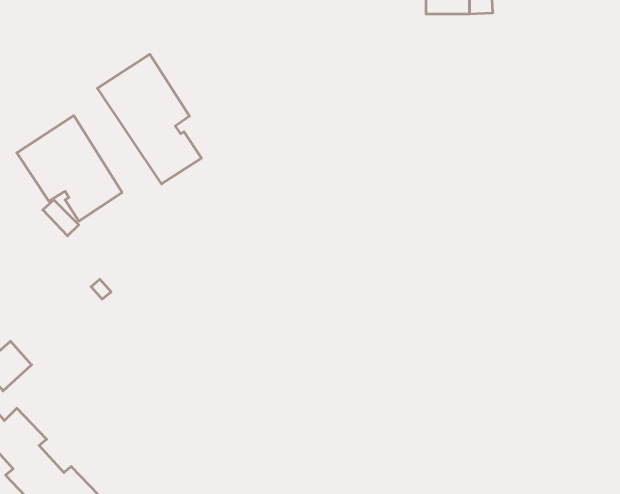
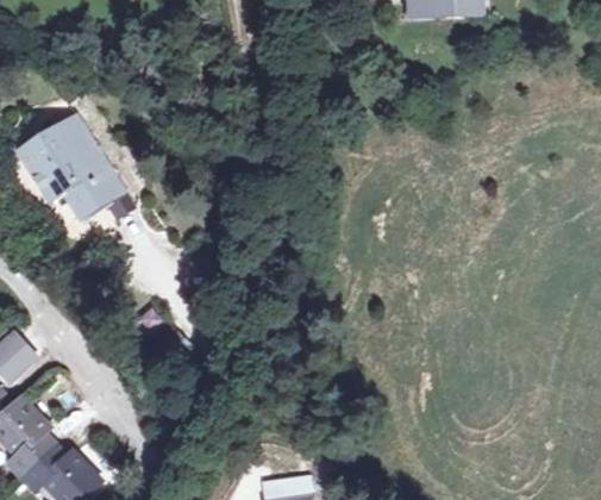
building: [97,54,201,184] -> none

